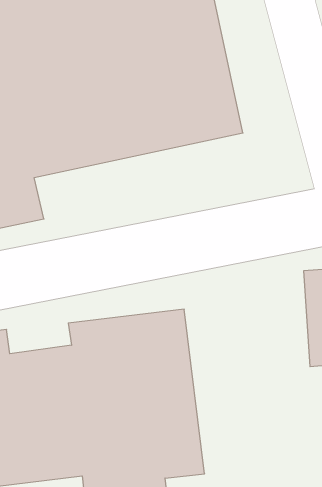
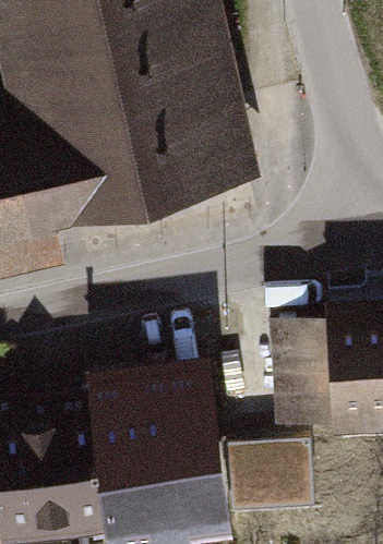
building: none -> [271,319,333,422]
building: none -> [229,443,309,506]

